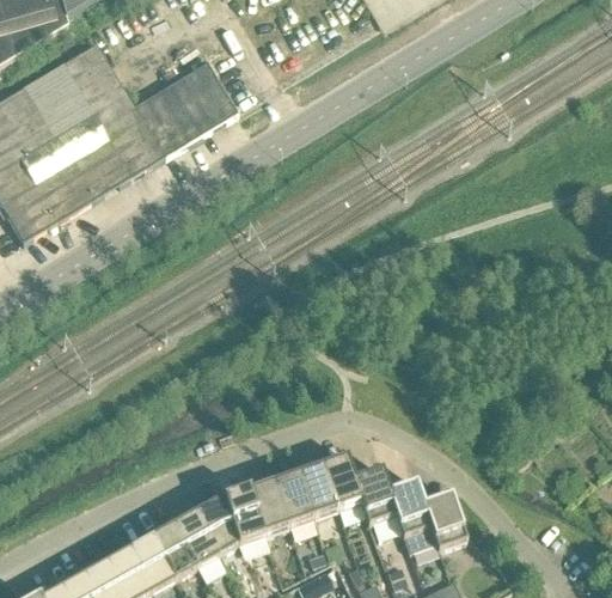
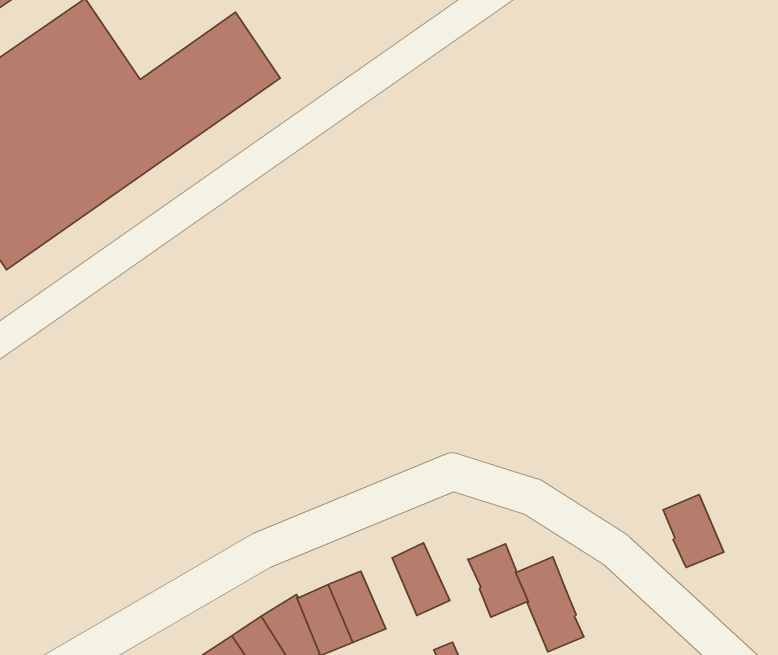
building: [320,457,361,509] -> none
building: [273,475,312,527] -> none
building: [423,495,466,549] -> [663,494,724,568]

